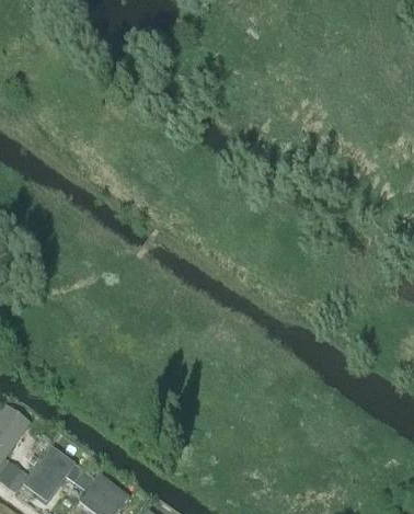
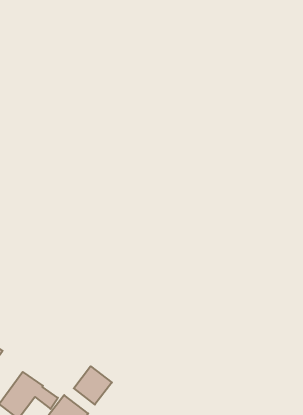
building: none -> [74,366,112,405]

